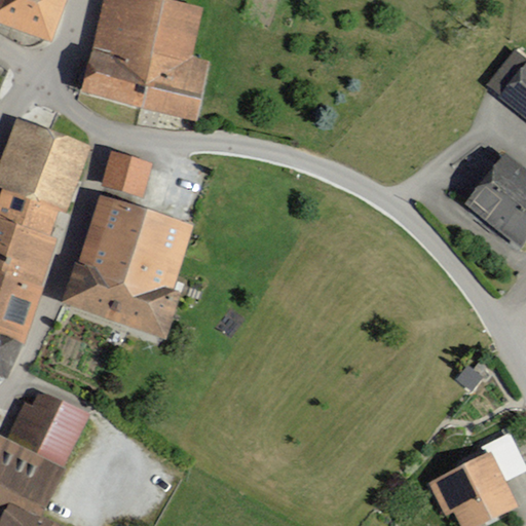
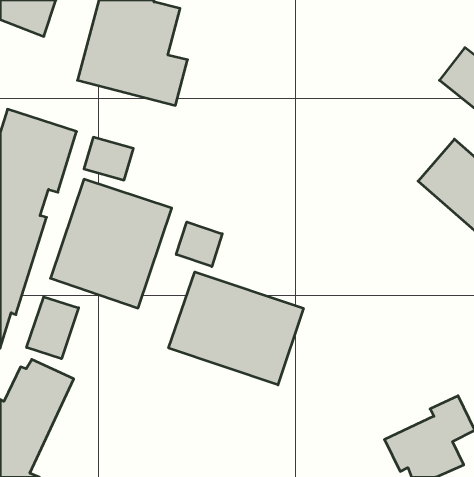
building: none -> [176,222,222,267]
building: none -> [169,272,303,385]
building: none -> [27,297,79,359]

